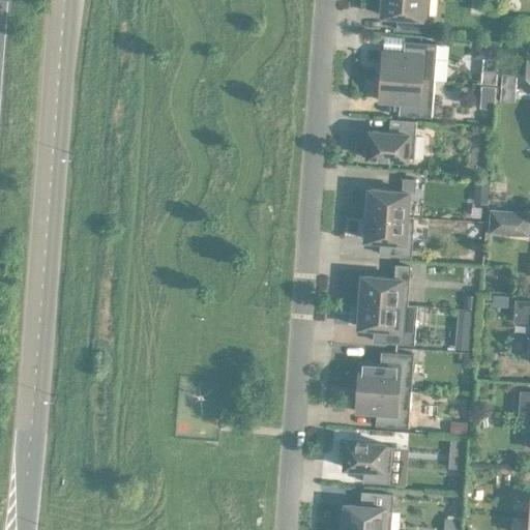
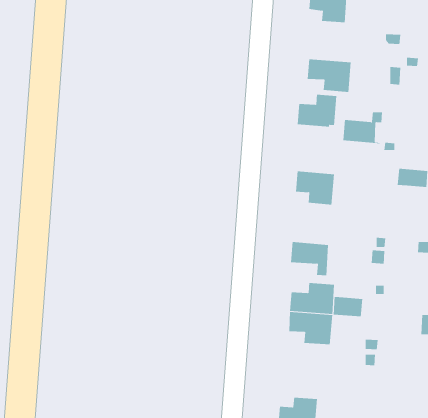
building: [380,41,436,81] -> none
building: [365,179,415,218] -> [343,112,383,144]
building: [359,265,408,305] -> none
building: none -> [333,296,363,317]
building: [342,441,390,484] -> none

